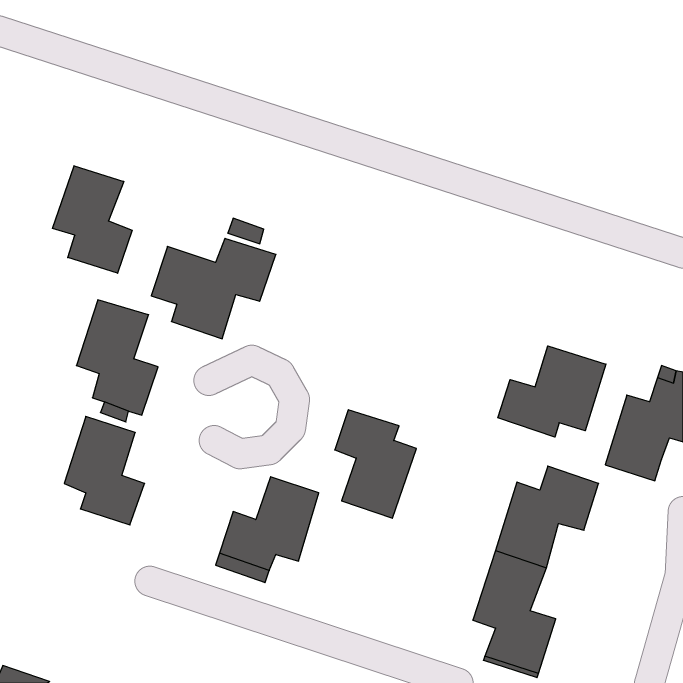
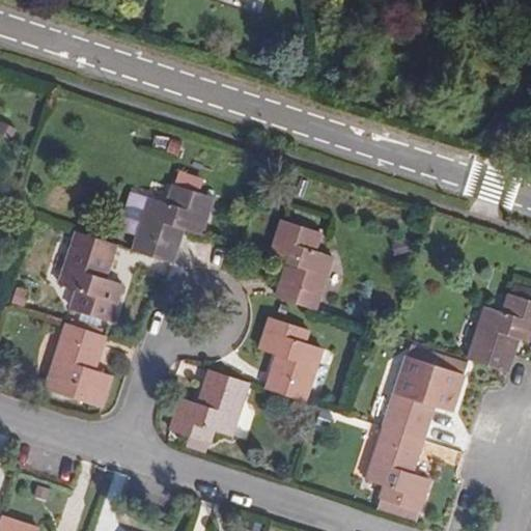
building: [53,166,132,273] -> none
building: none -> [270,219,331,309]
building: [498,346,606,437] -> none

